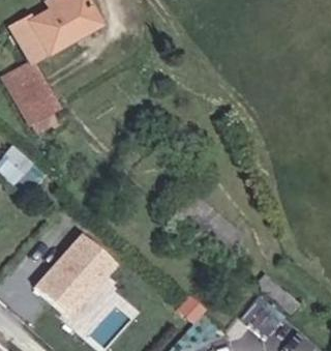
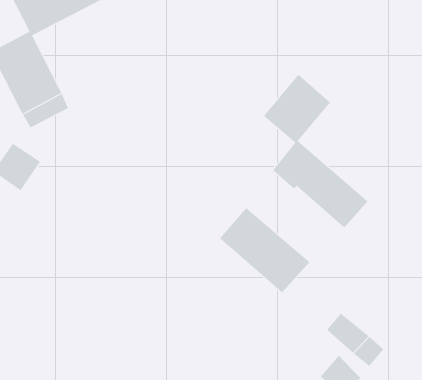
building: none -> [263,74,369,229]
building: [39,230,123,315] -> none

